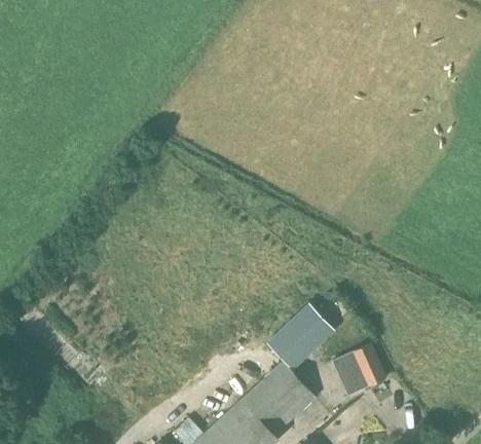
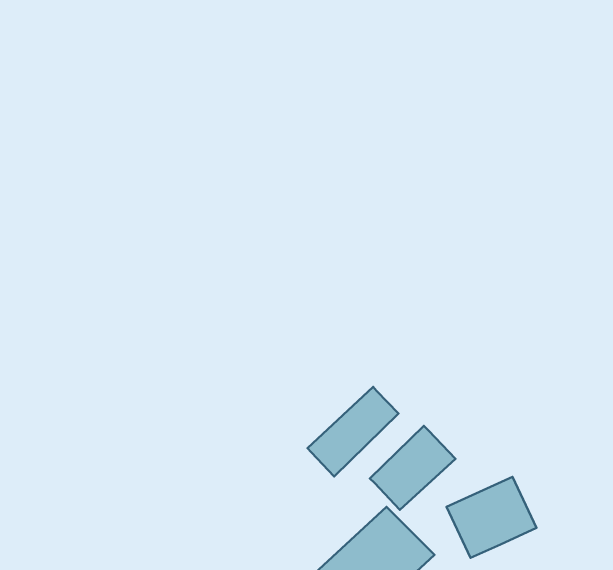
building: none -> [308,387,399,476]

